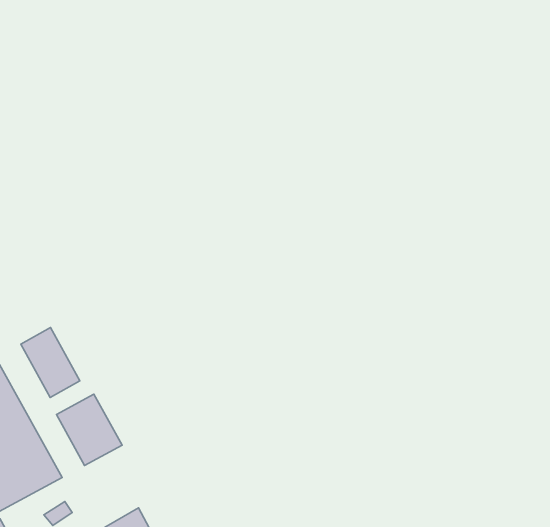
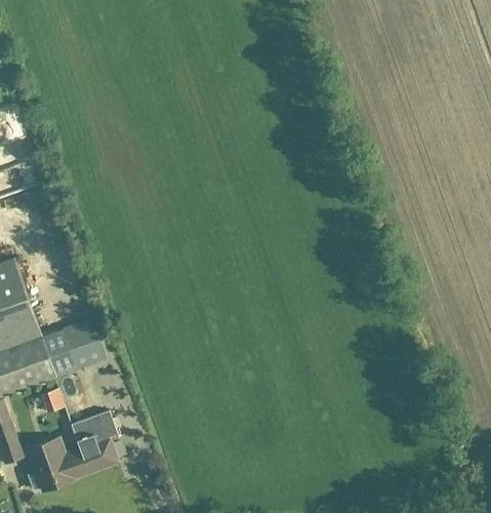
building: [21,328,80,397] -> none

